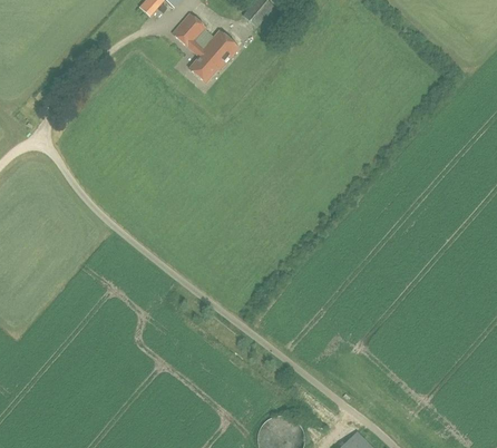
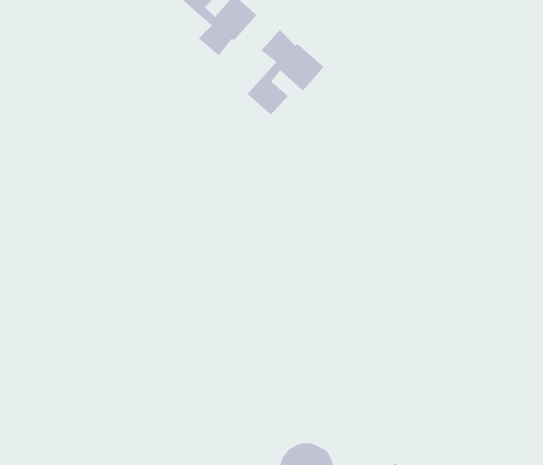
building: none -> [247,29,325,116]

